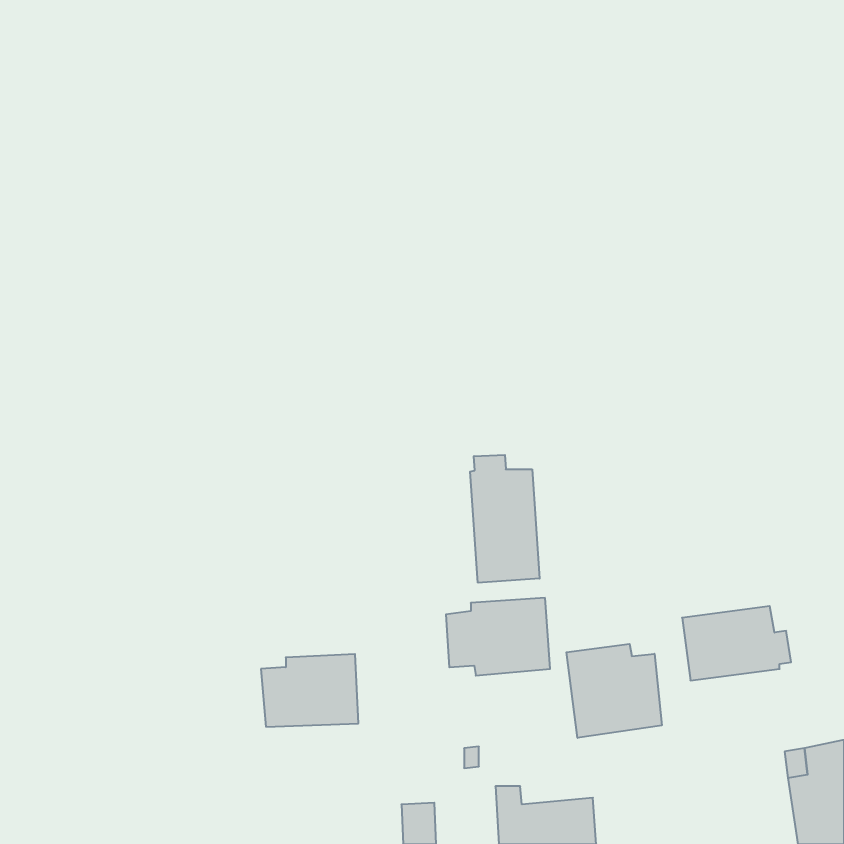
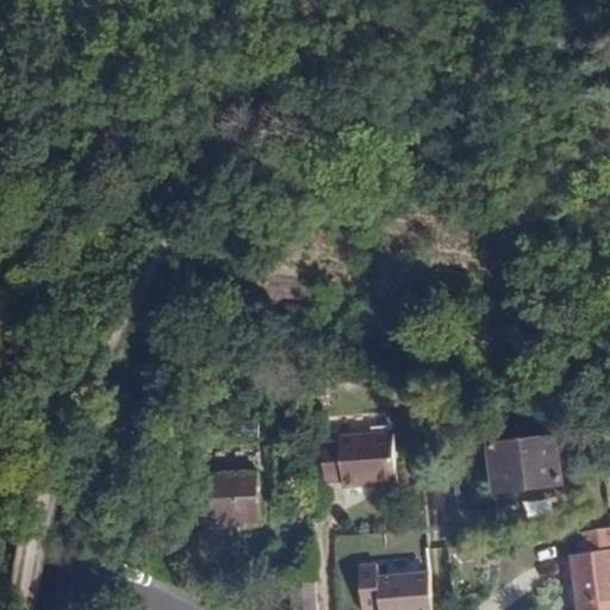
building: [470,455,540,583] -> none
building: [566,644,662,738] -> none

